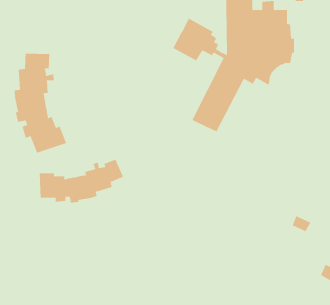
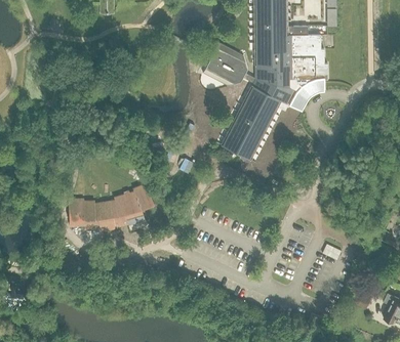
building: [14,53,67,154] -> none

